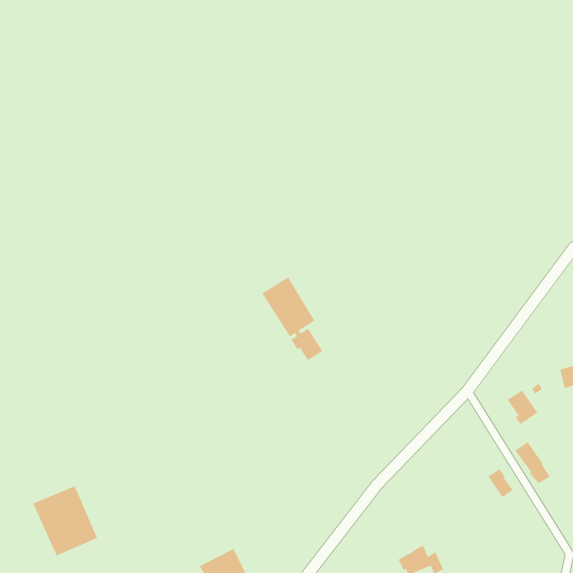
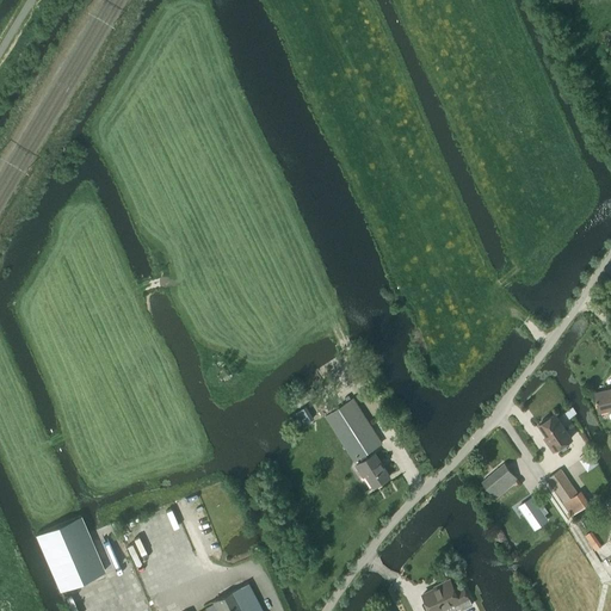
building: [261,277,323,361] -> [326,399,391,488]
building: none -> [483,464,519,500]

